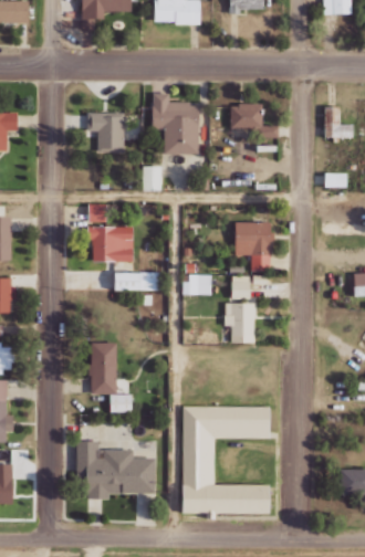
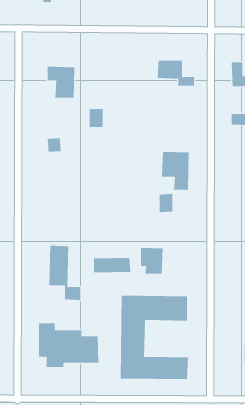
building: [152,93,199,154] -> none
building: [90,225,133,262] -> none
building: [114,271,163,291] -> [93,257,131,273]
building: [185,274,211,295] -> none
building: [225,302,254,336] -> [140,247,163,274]

